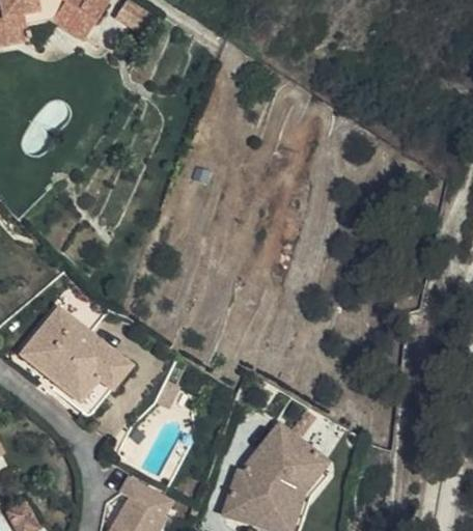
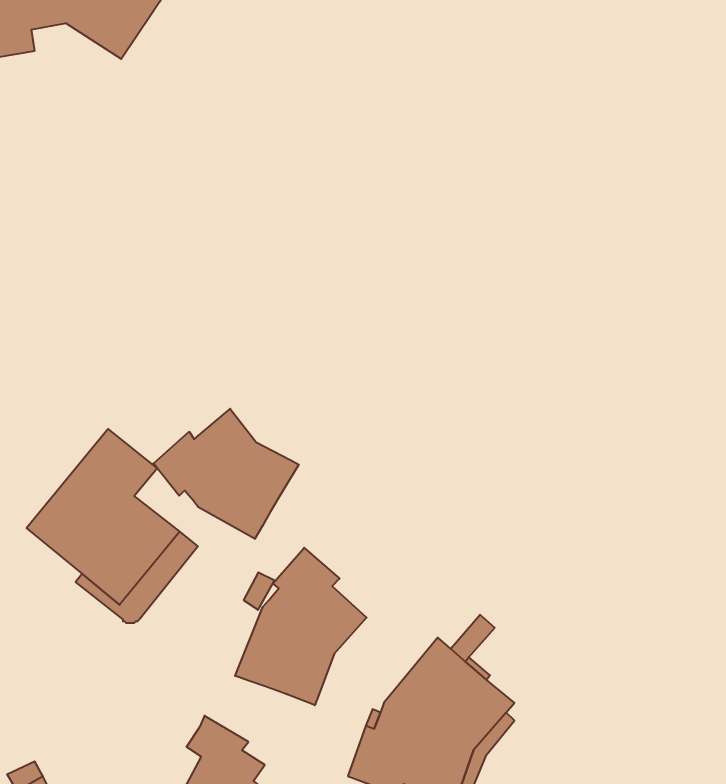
building: none -> [153,409,299,539]
building: none -> [235,548,367,705]

